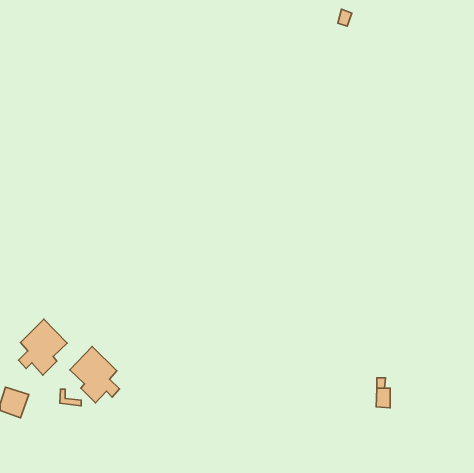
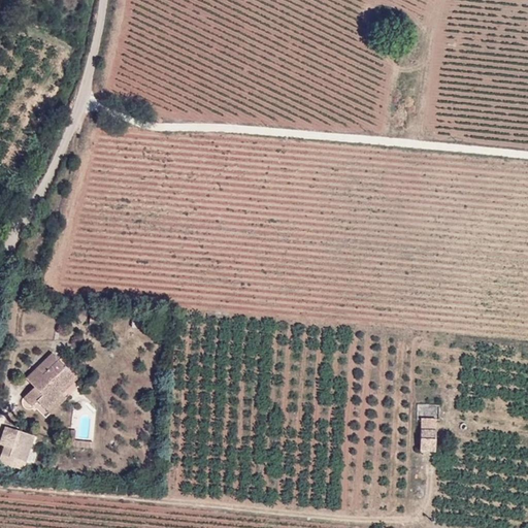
building: [70,346,119,403] -> none

